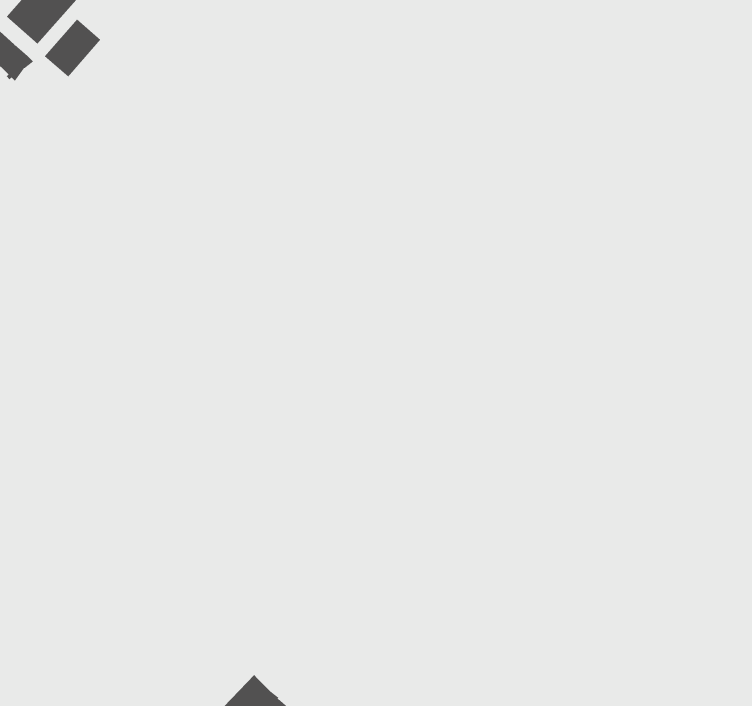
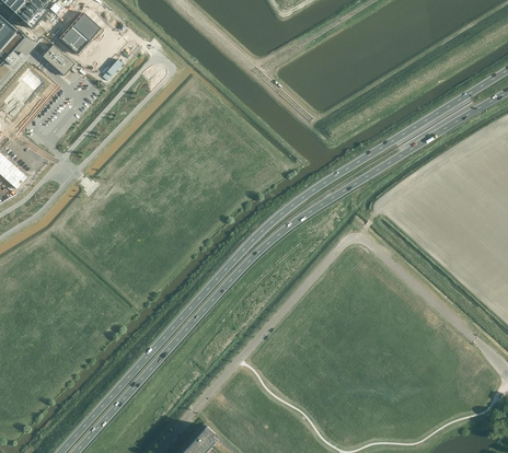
building: [44,19,101,78] -> none

